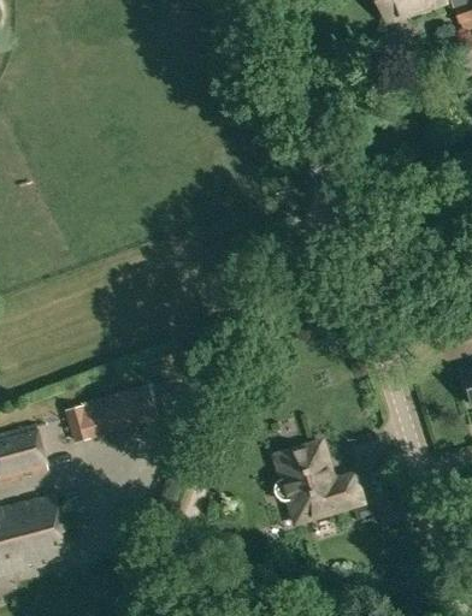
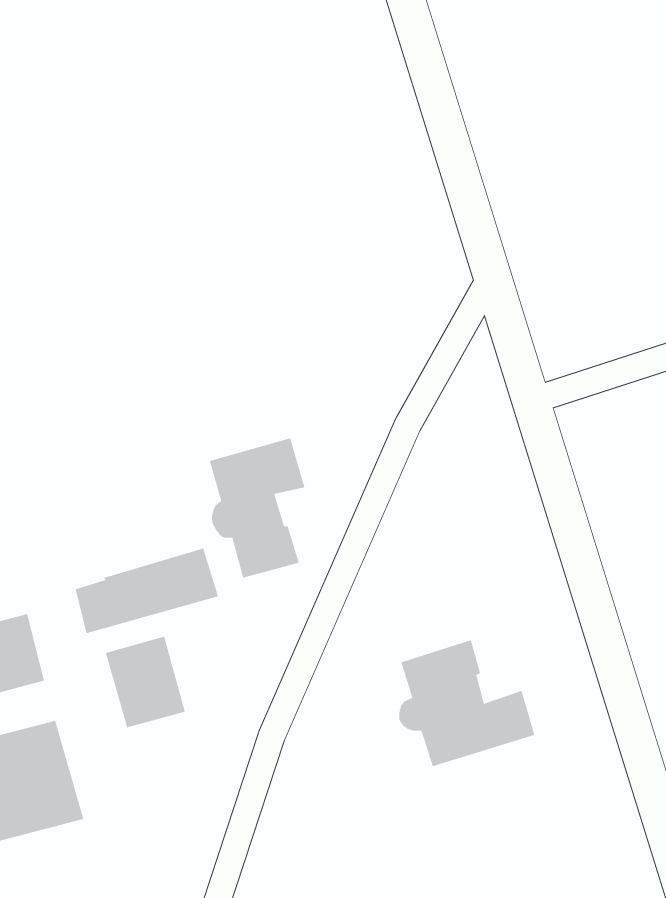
building: none -> [209,437,305,578]
building: none -> [105,636,185,728]

